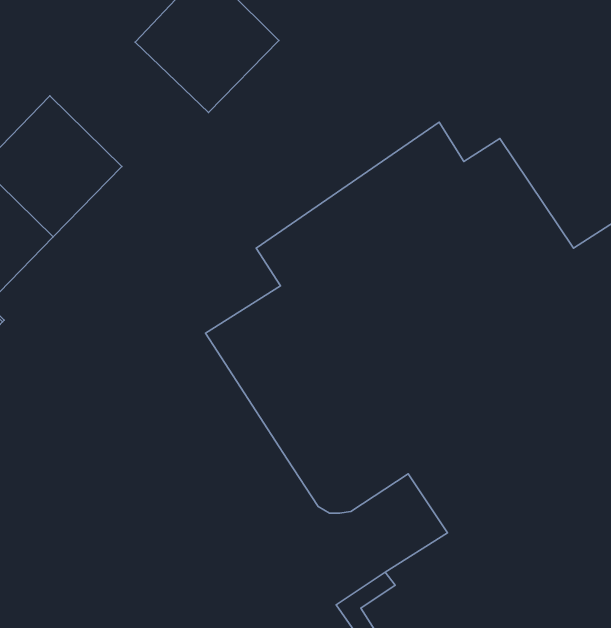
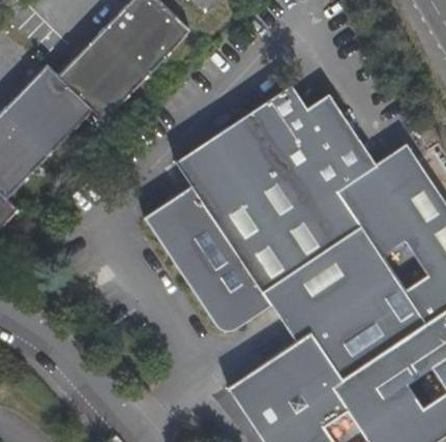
building: none -> [46,32,146,121]

